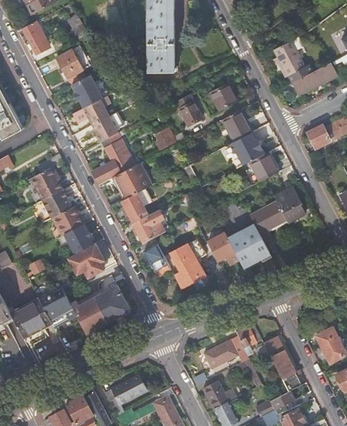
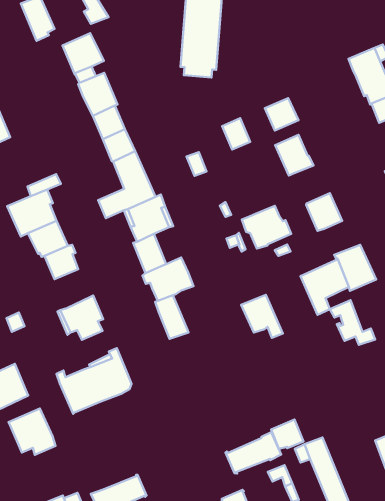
building: [228,132,266,165] -> [242,206,291,248]
building: [64,224,92,254] -> none
building: [237,232,273,265] -> [330,300,375,345]
building: [173,242,208,286] -> none
building: [37,284,74,319] -> [8,409,56,455]

